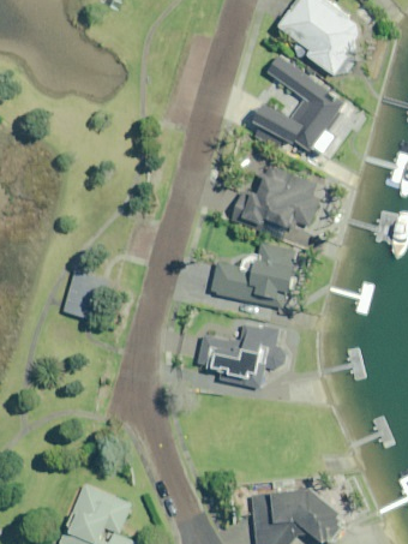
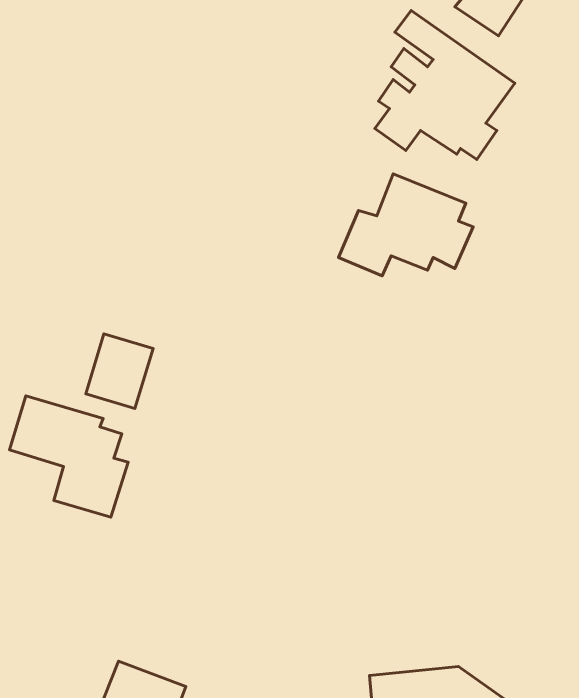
building: [209,244,294,307] -> none
building: none -> [9,396,128,517]
building: [197,323,284,387] -> none

